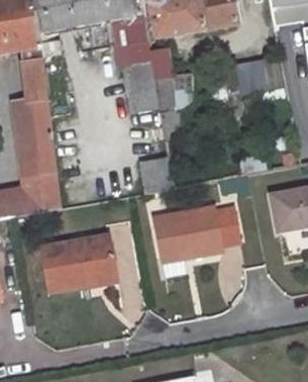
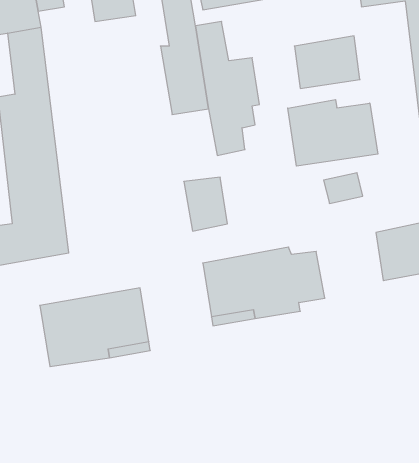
building: none -> [288,100,378,166]

